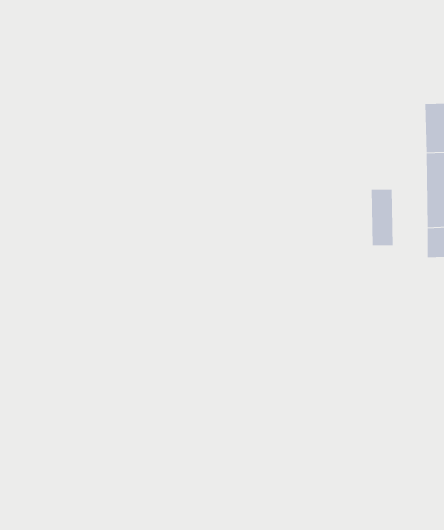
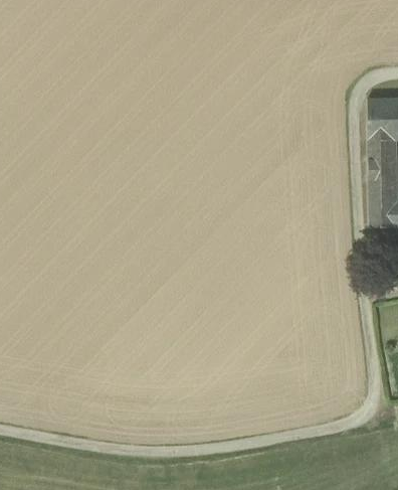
building: [371,189,393,246] -> none

